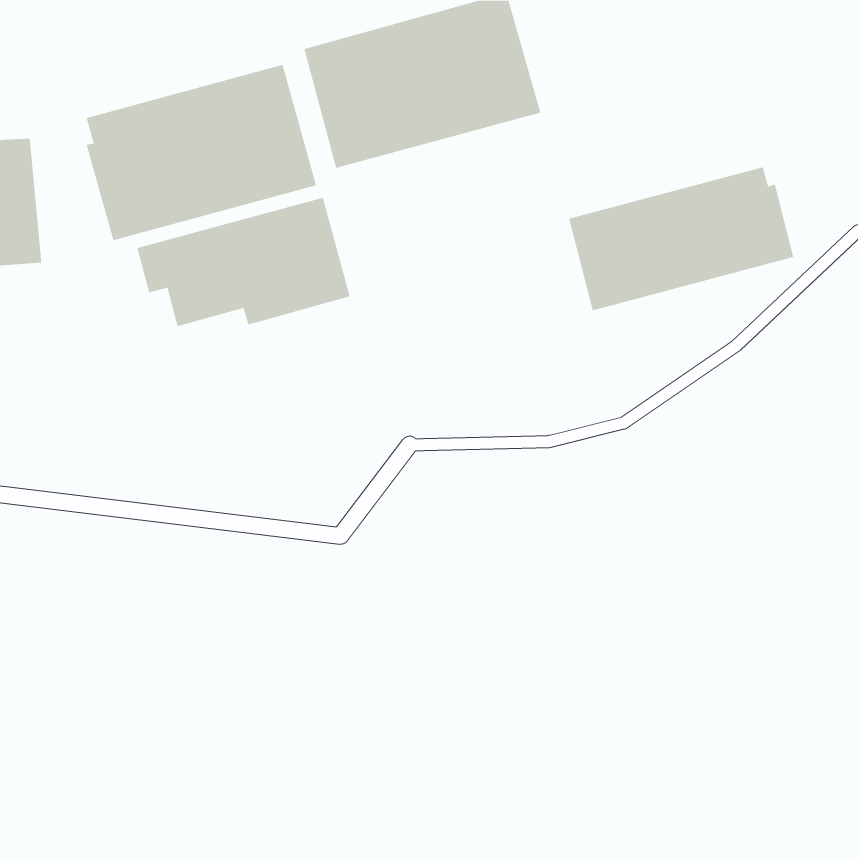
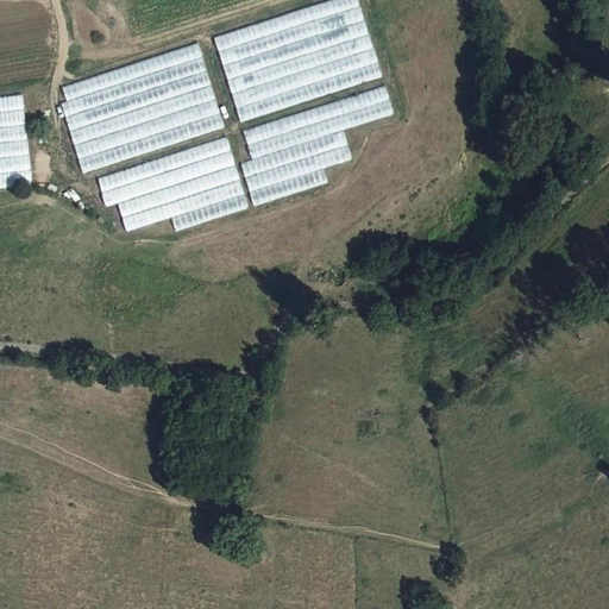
building: none -> [241,89,394,203]
building: [568,167,794,311] -> none

